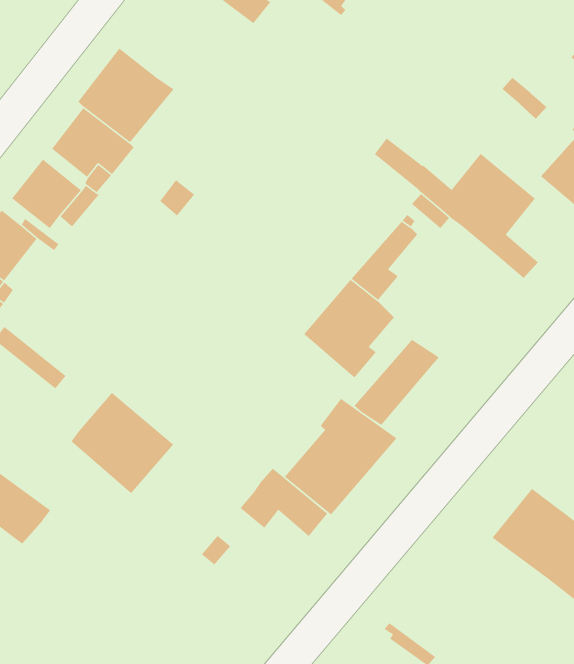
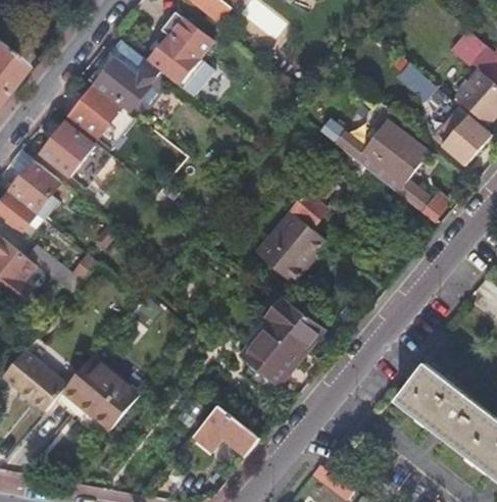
building: none -> [148,12,214,97]
building: [354,339,440,426] -> none
building: [70,392,174,494] -> [64,353,141,429]
building: [240,468,328,537] -> [194,406,259,457]

